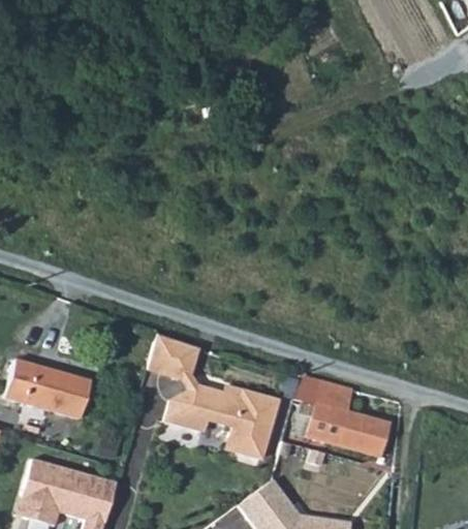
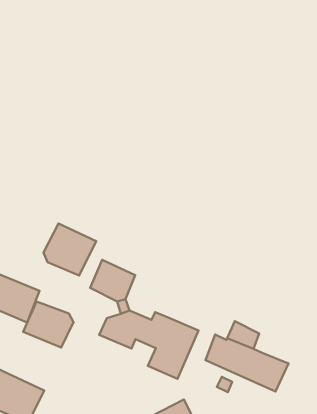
building: none -> [44,224,96,275]
building: none -> [23,302,73,347]

